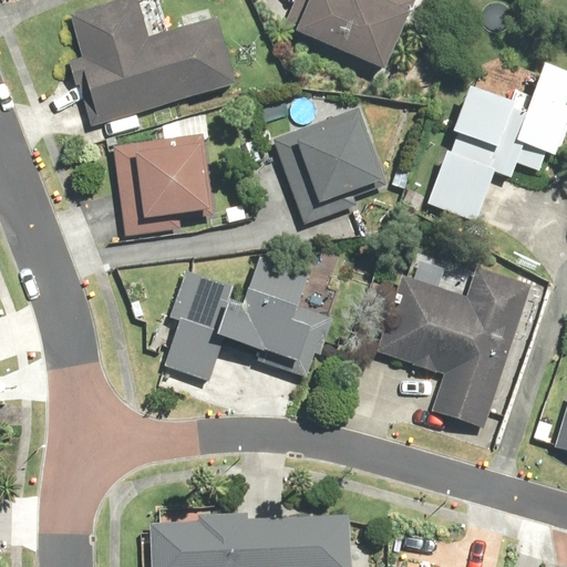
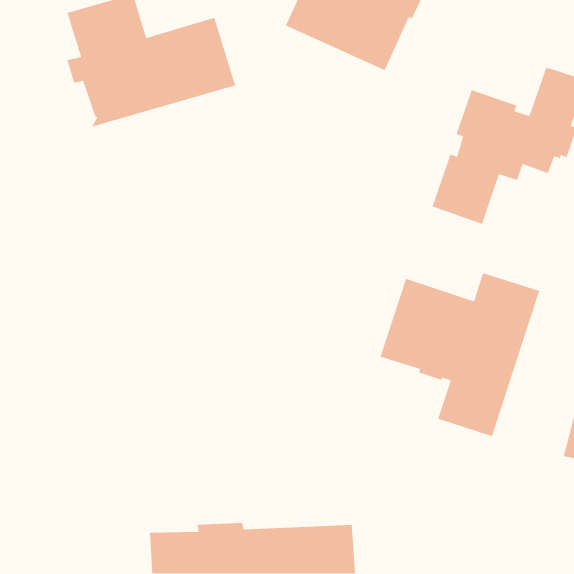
building: [275,107,386,224] -> none
building: [113,133,214,236] -> none
building: [164,256,332,380] -> none

